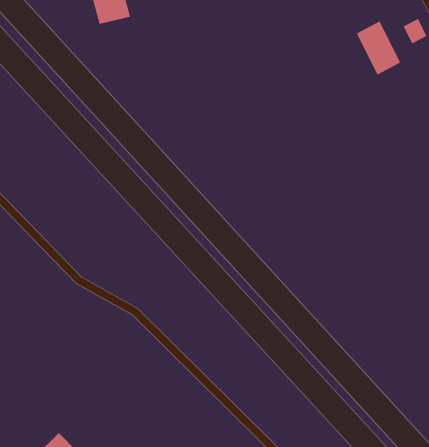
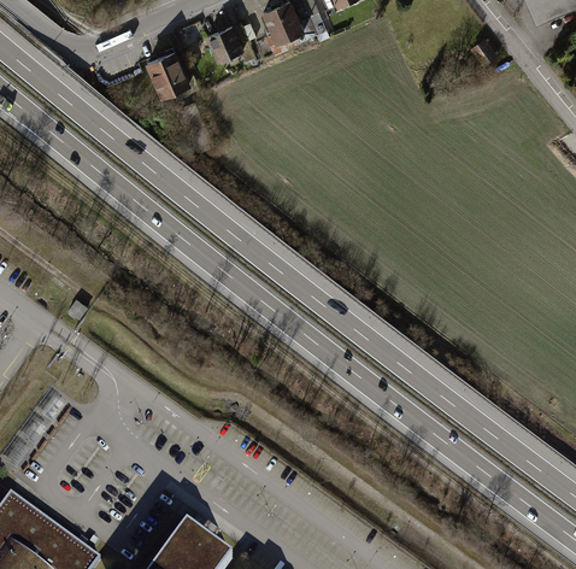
building: [356,20,401,75] -> none

